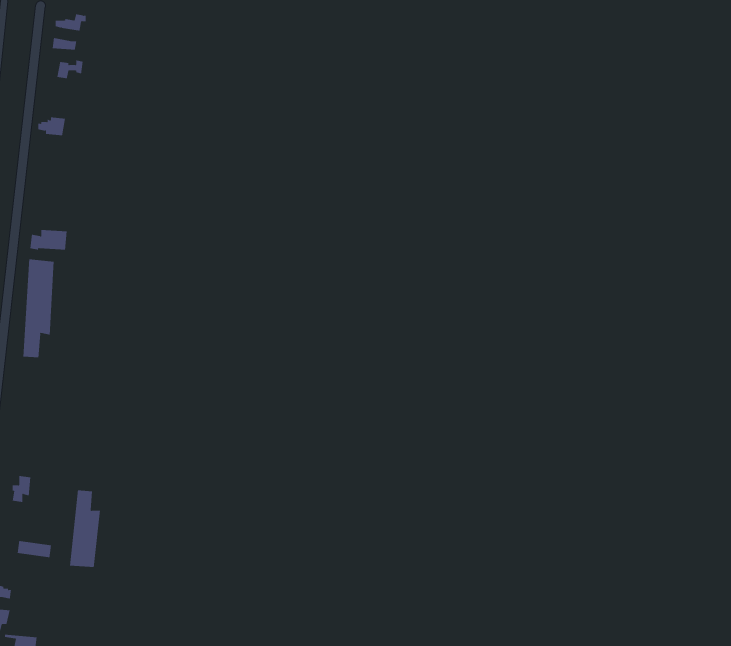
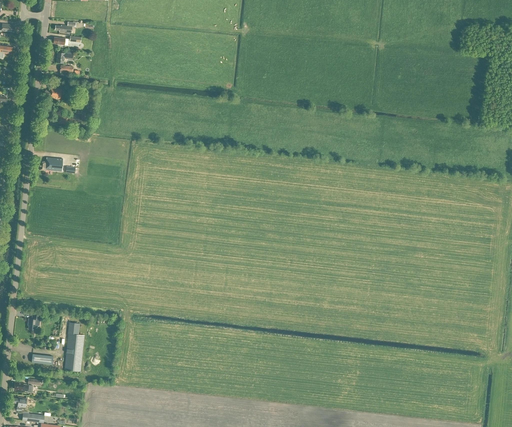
building: [23,258,54,358] -> none

